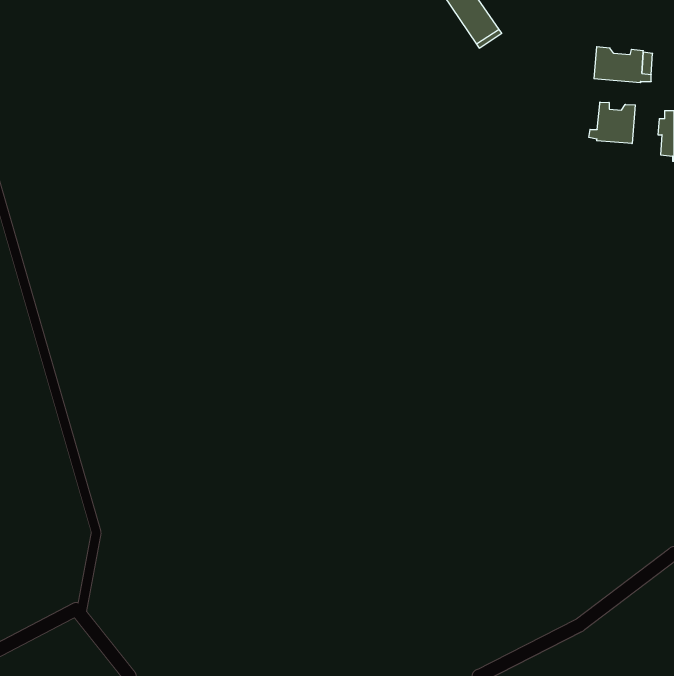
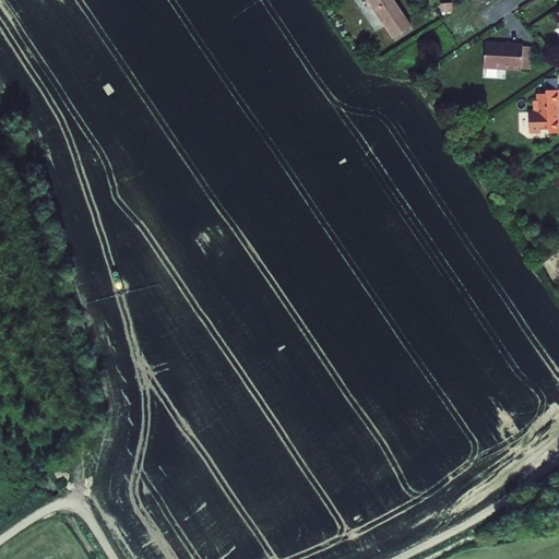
building: [589,102,635,144] -> none

